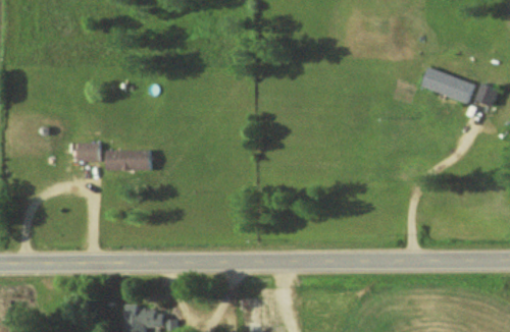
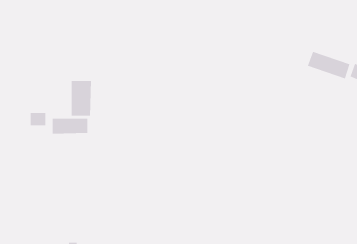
building: none -> [71,80,92,117]

